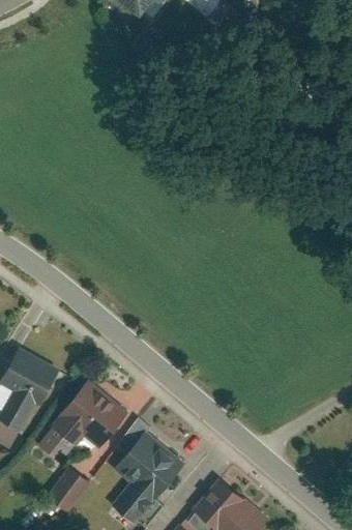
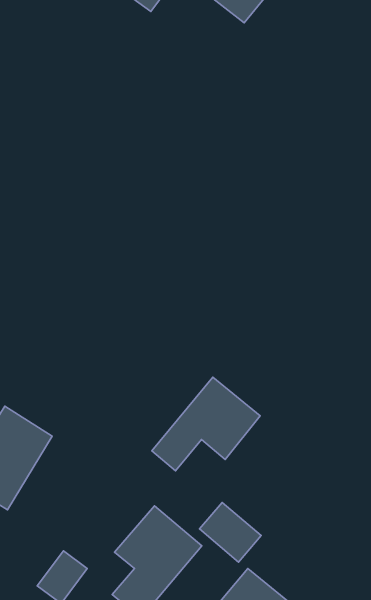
building: [38,379,128,457] -> [152,377,260,471]
building: none -> [199,502,261,562]

